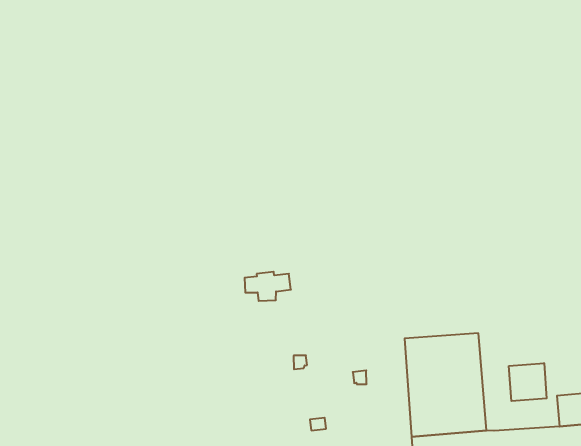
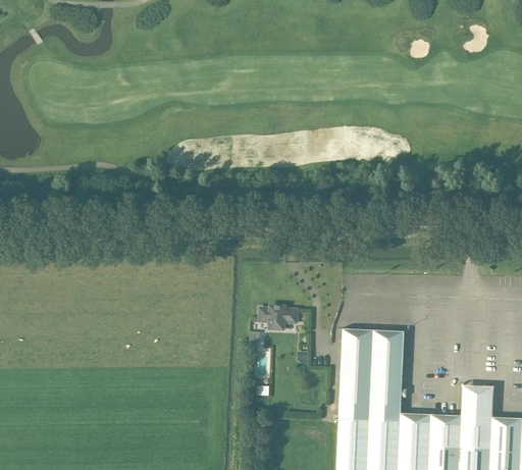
building: [245,272,291,301] -> [259,307,297,330]
building: [509,363,547,401] -> none

